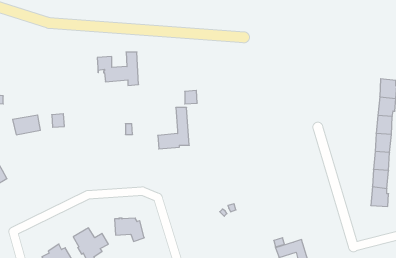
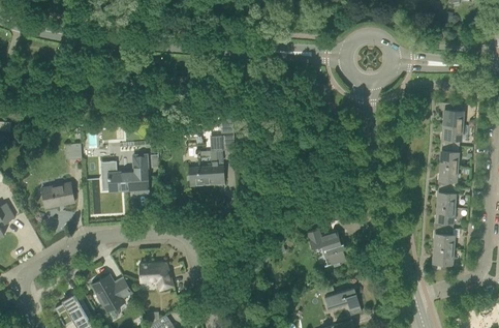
building: [97,52,139,85] -> [100,156,148,195]
building: [13,115,40,135] -> [41,185,73,208]
building: none -> [307,230,345,267]
building: none -> [431,249,453,272]

